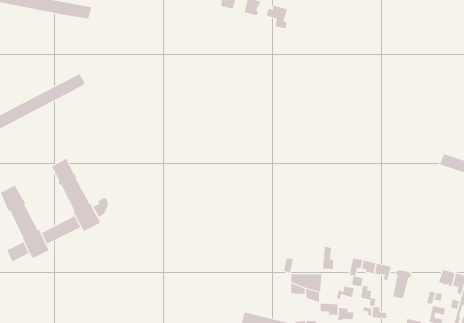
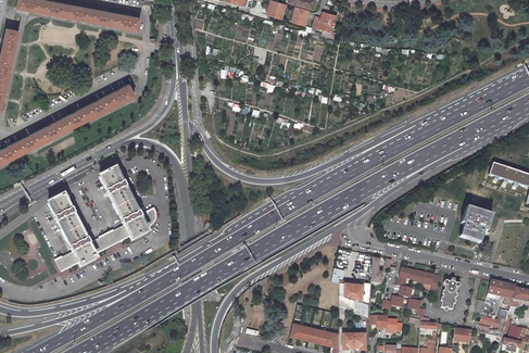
building: none -> [458,207,491,243]

